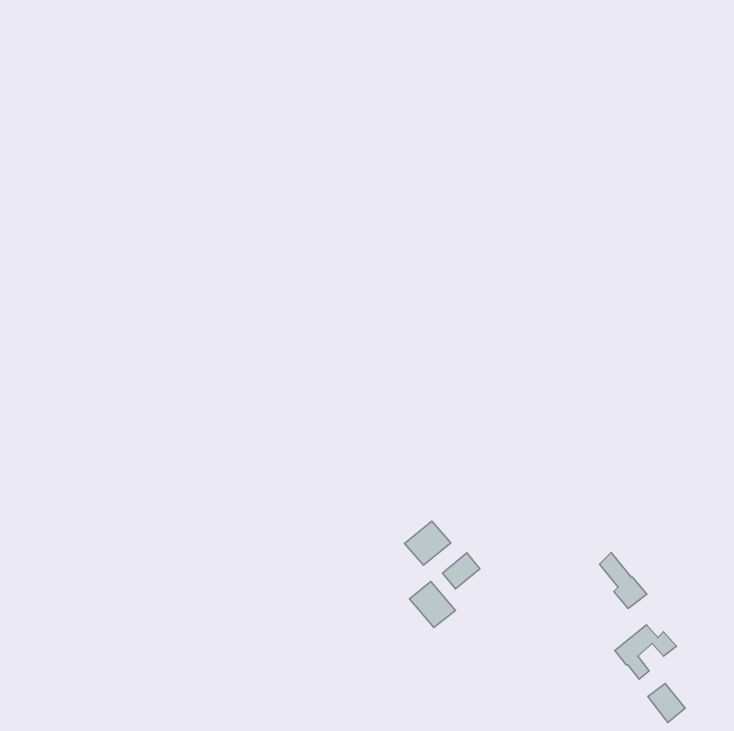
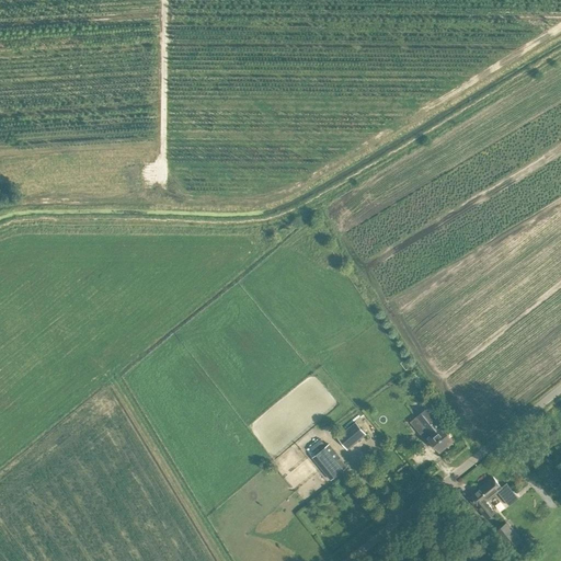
building: [405,521,451,565] -> none
building: [600,553,647,609] -> [417,410,454,453]

